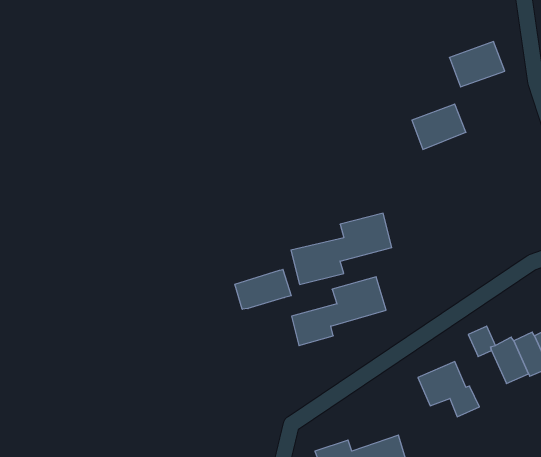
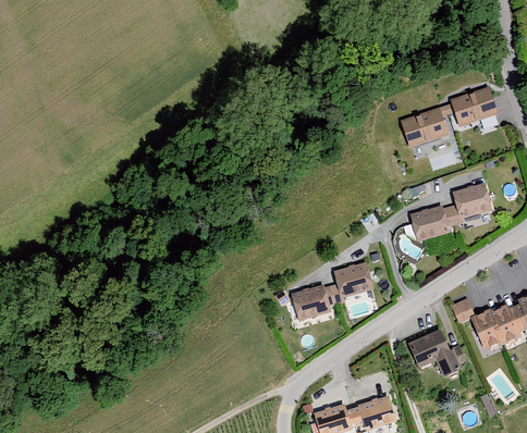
building: [449,42,505,87] -> [450,83,499,123]
building: [291,213,392,284] -> [407,180,497,243]
building: [235,269,291,309] -> none

